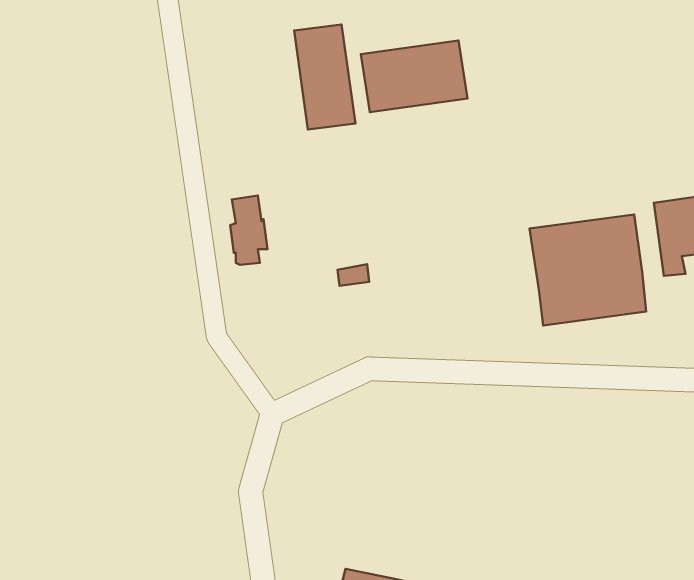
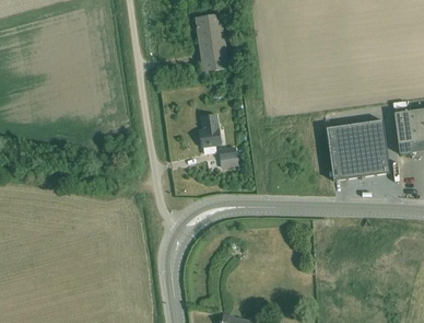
building: [361,40,467,112] -> none
building: [230,196,268,265] -> [201,115,222,153]

